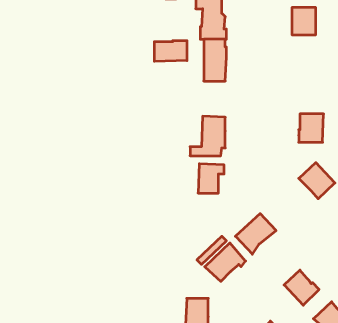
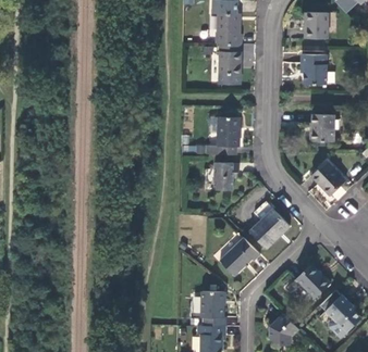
building: [154,41,187,61] -> none
building: none -> [300,53,326,85]

